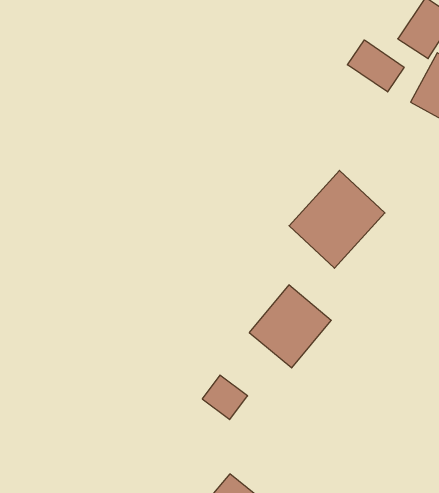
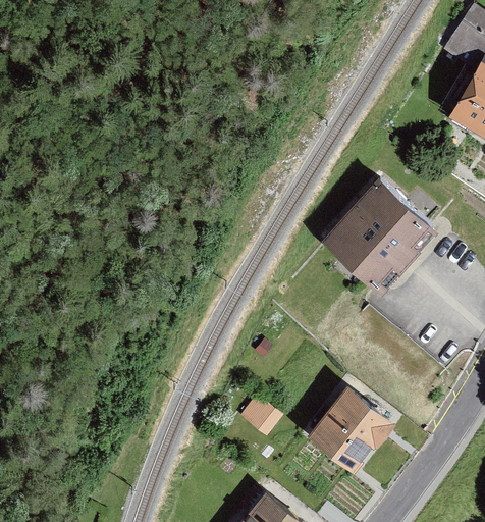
building: [347,40,404,92] -> none
building: [249,285,331,368] -> [309,389,393,475]

